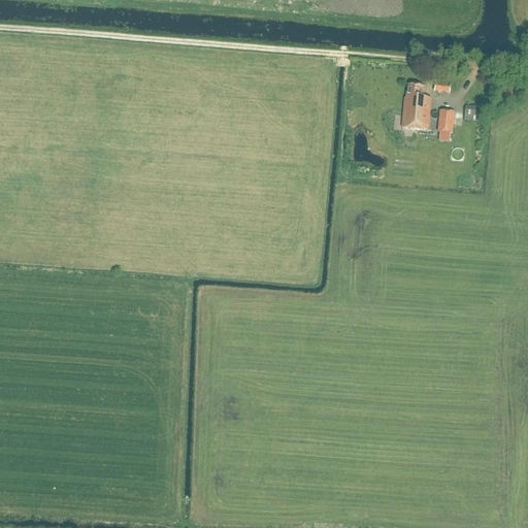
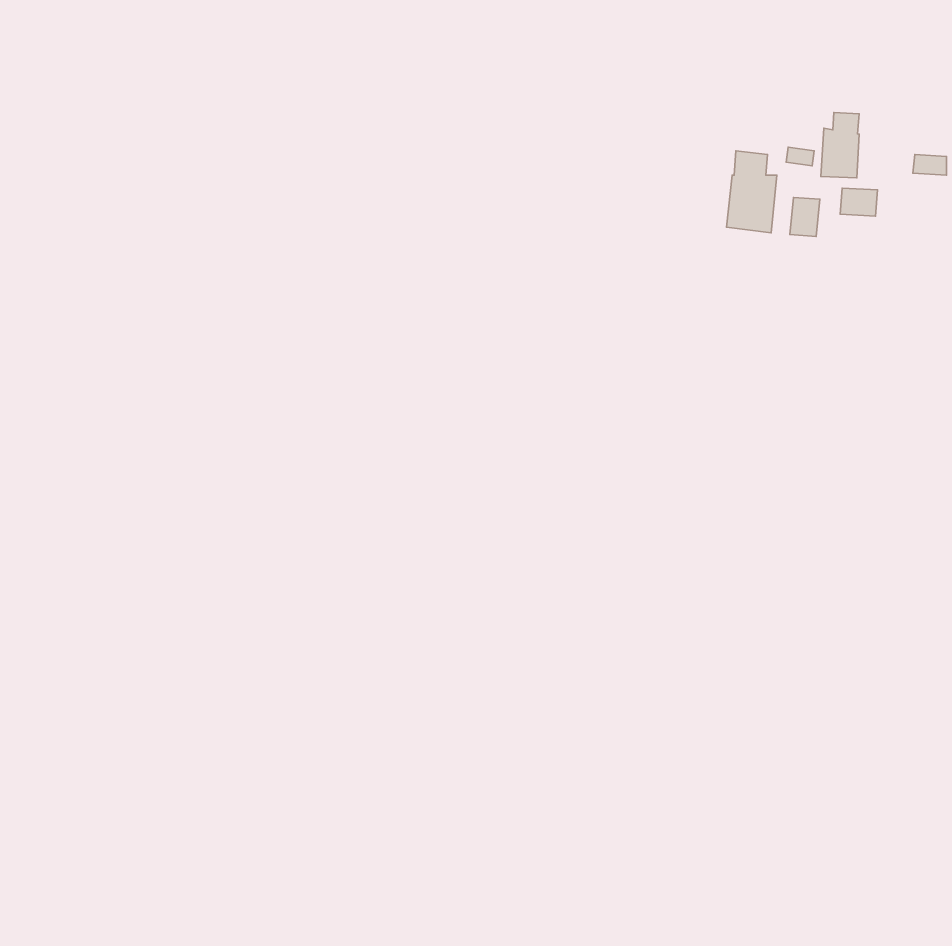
building: none -> [821,113,859,178]

